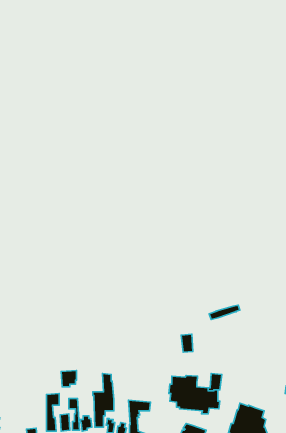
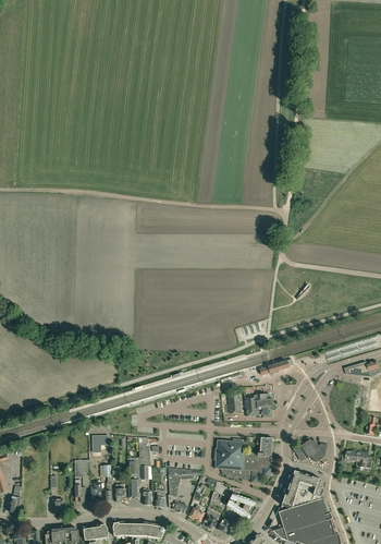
building: none -> [244,394,270,418]
building: none -> [296,439,328,462]

